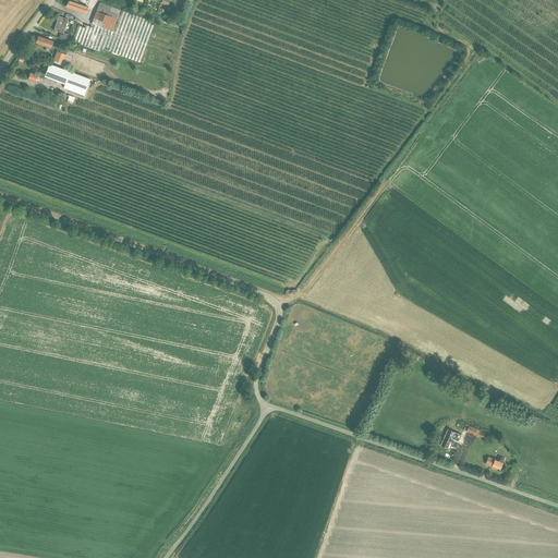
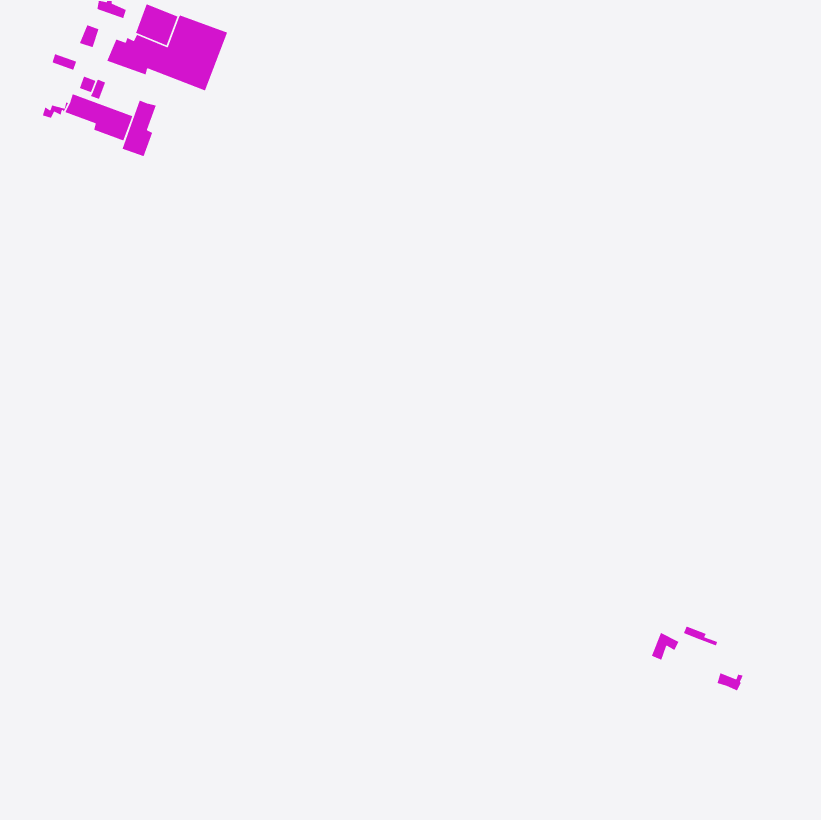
building: none -> [121,99,157,157]

